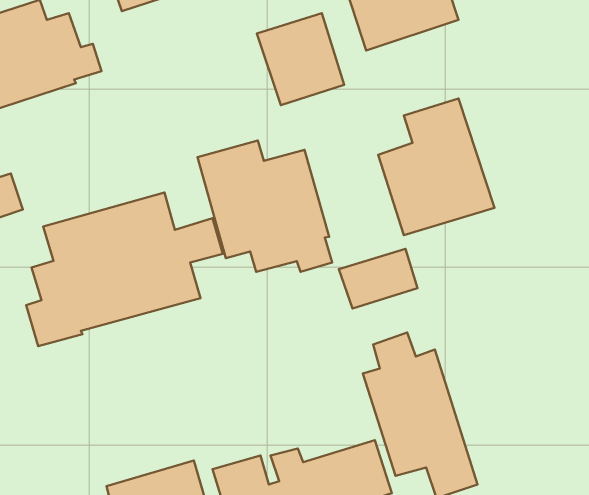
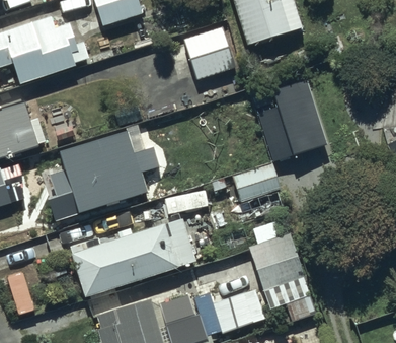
building: [197,140,332,272] -> none
building: none -> [71,220,197,298]

